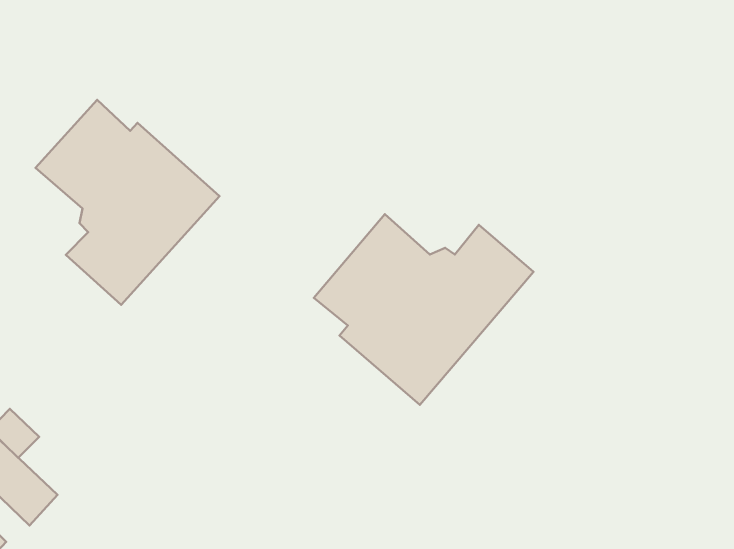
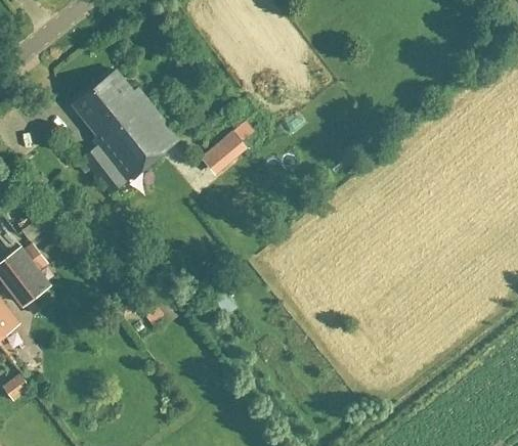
building: none -> [202,123,247,165]
building: [314,214,533,405] -> none

